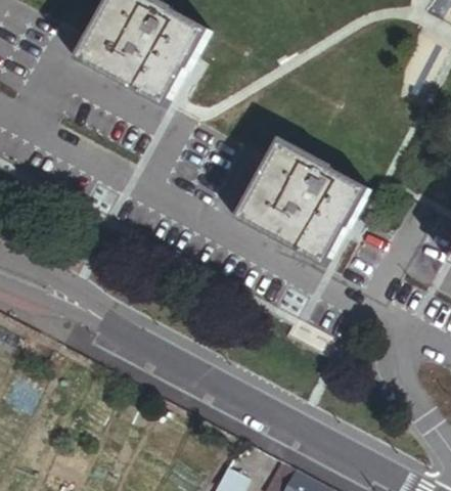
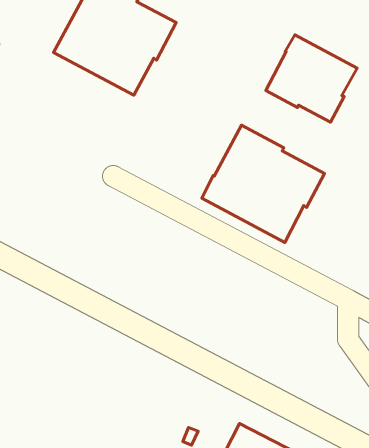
building: none -> [266,35,357,122]

